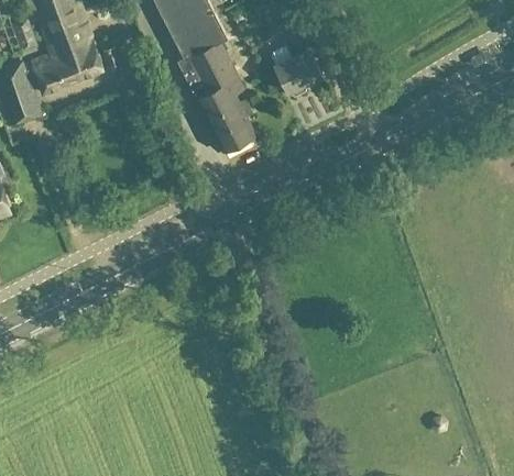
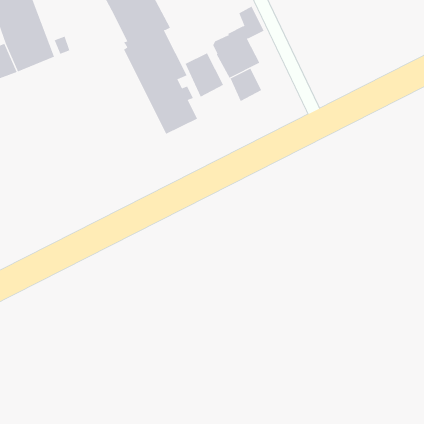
building: none -> [185,52,224,97]
building: none -> [230,68,262,102]

